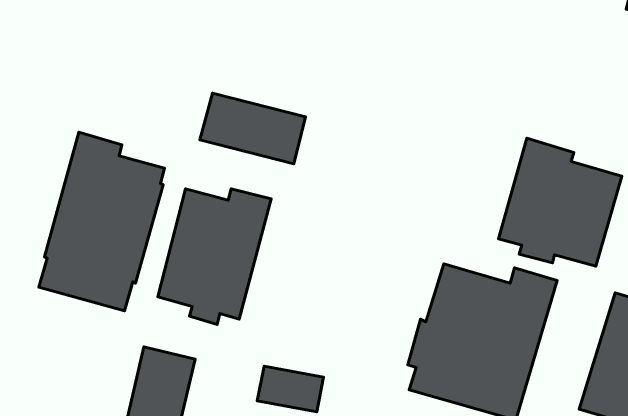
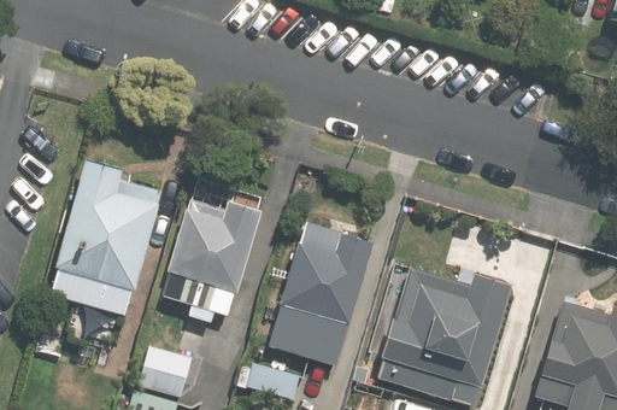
building: [200,93,305,164] -> none
building: [499,138,622,266] -> none
building: none -> [262,219,375,368]

